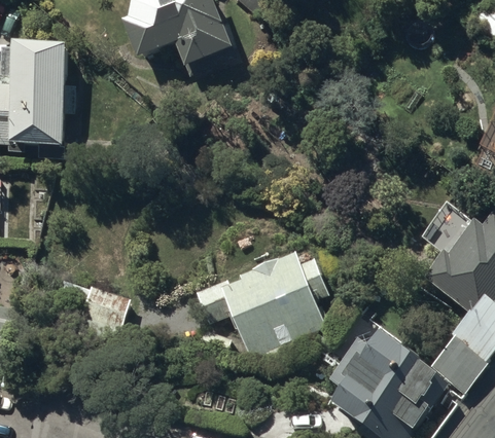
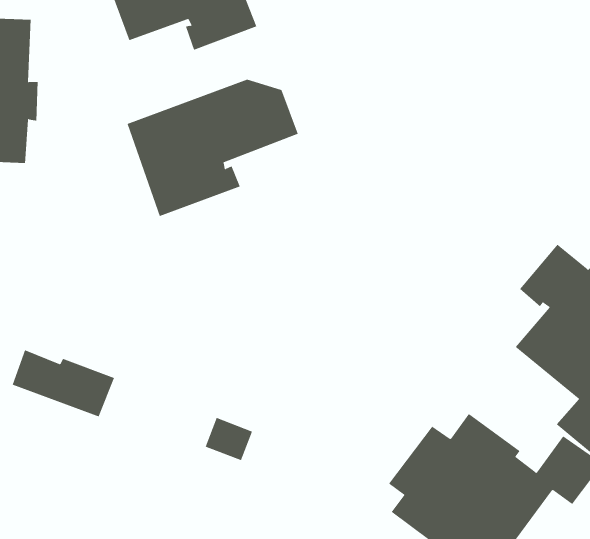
building: none -> [127,79,299,217]
building: [195,253,327,357] -> none

